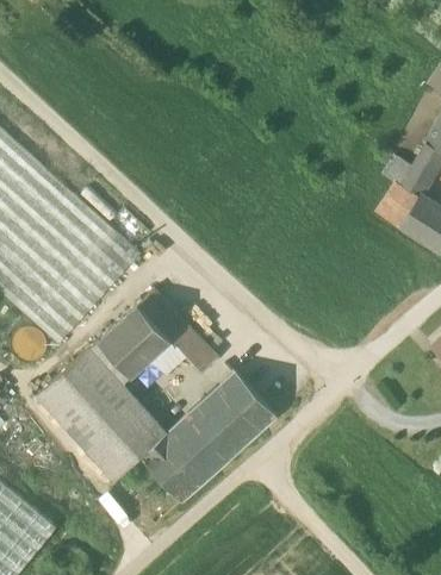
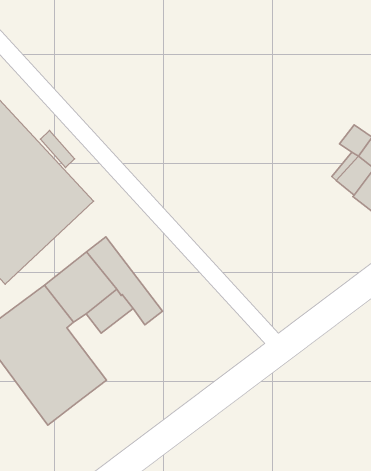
building: [139,370,277,502] -> none

